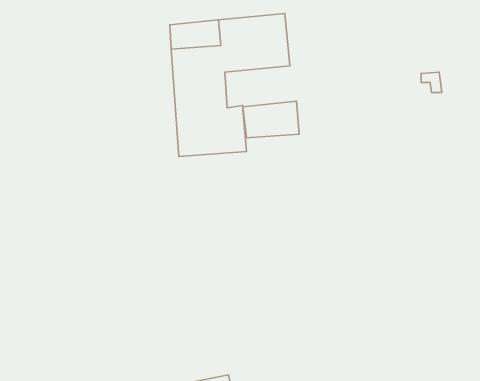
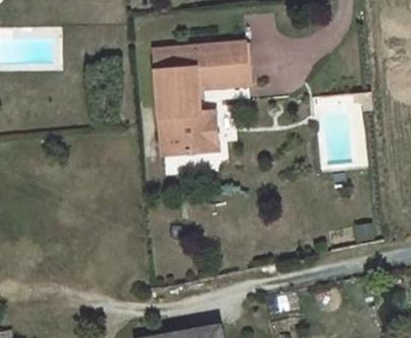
building: [243,101,299,138] -> none

